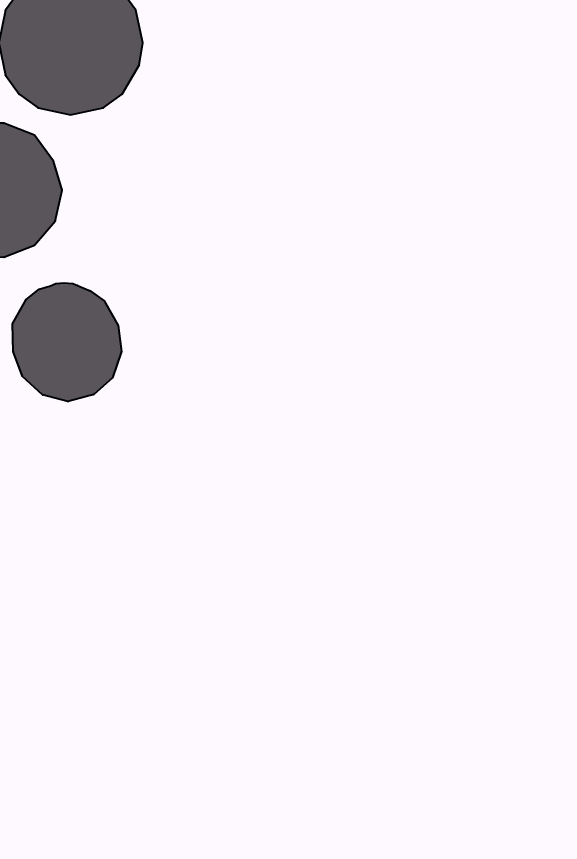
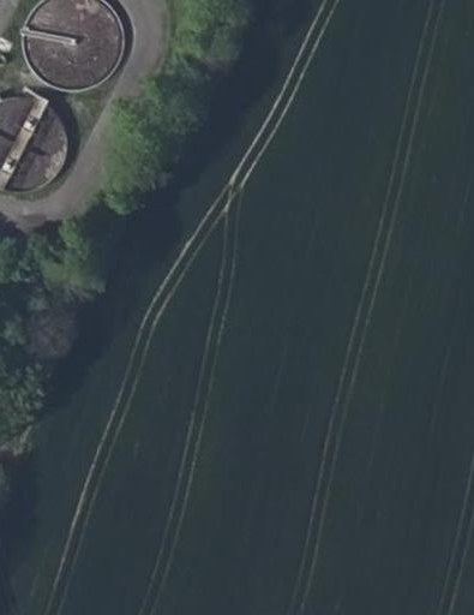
building: [12,283,121,402] -> none

